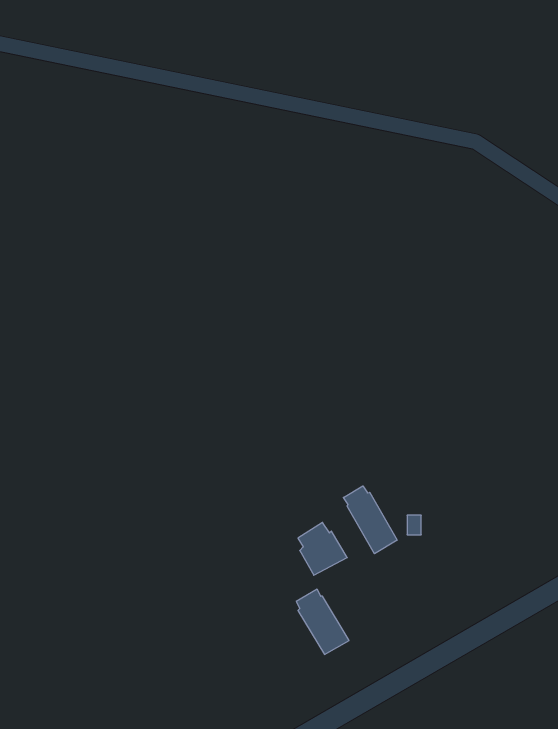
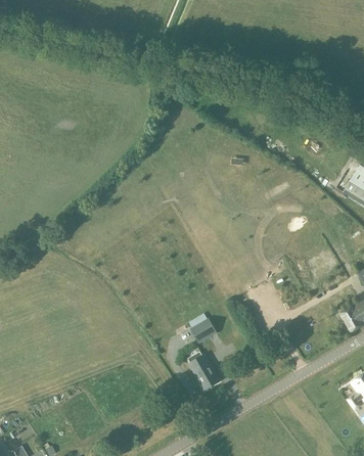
building: [343,486,397,554] -> none

